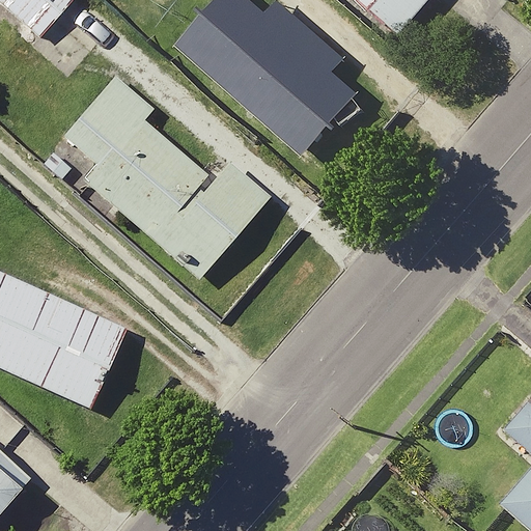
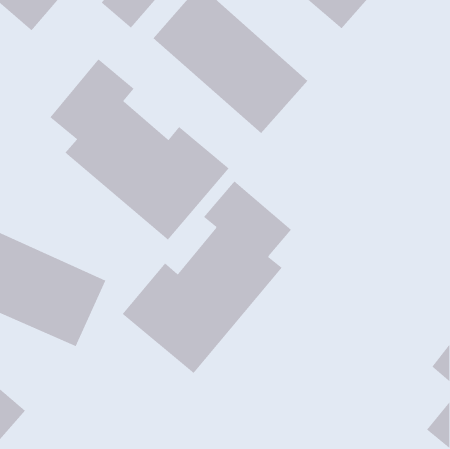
building: none -> [122,181,292,374]

